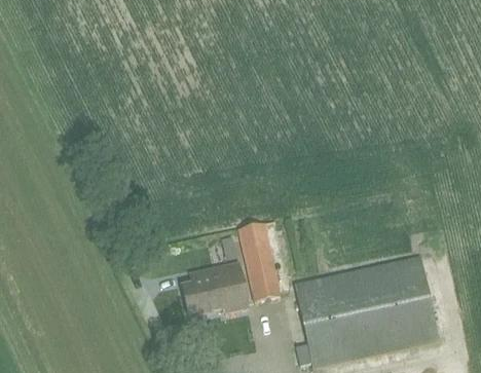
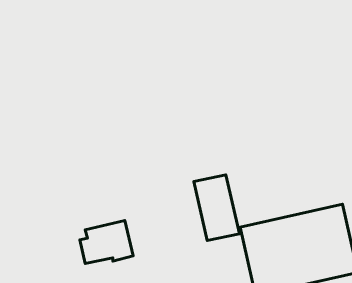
building: [182,263,247,315] -> [80,221,133,264]

